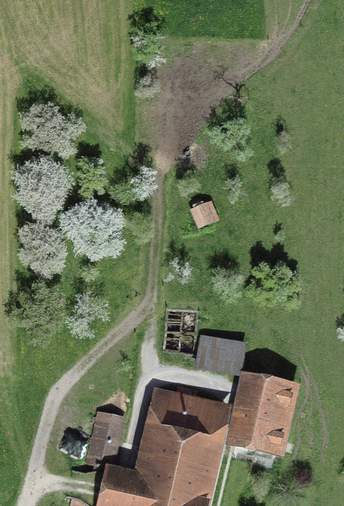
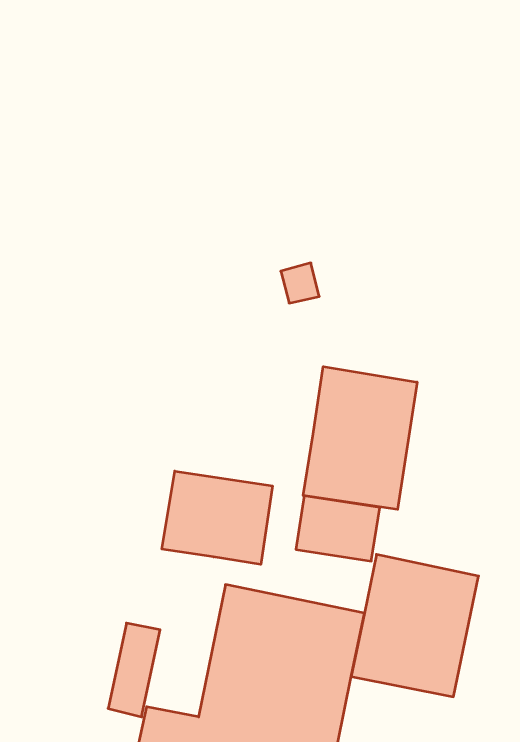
building: none -> [303,367,417,509]
building: none -> [162,471,272,564]

